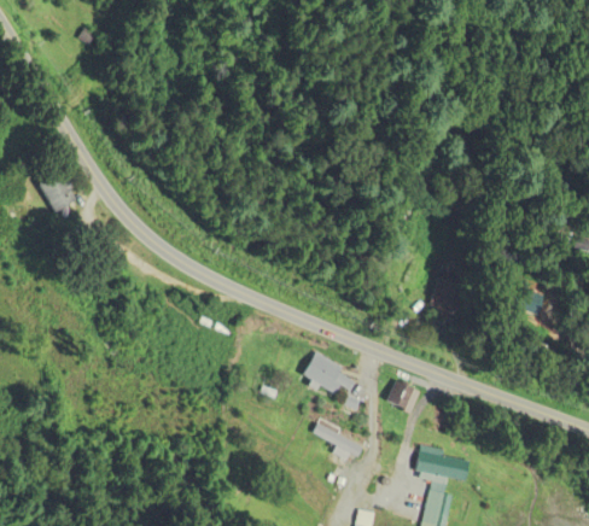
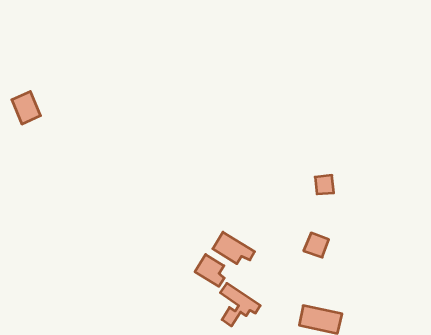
building: [386,379,419,410] -> [304,233,329,257]
building: none -> [195,254,224,286]

